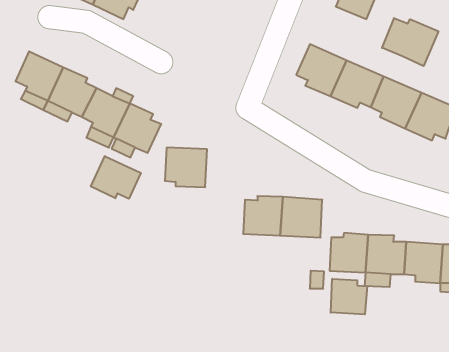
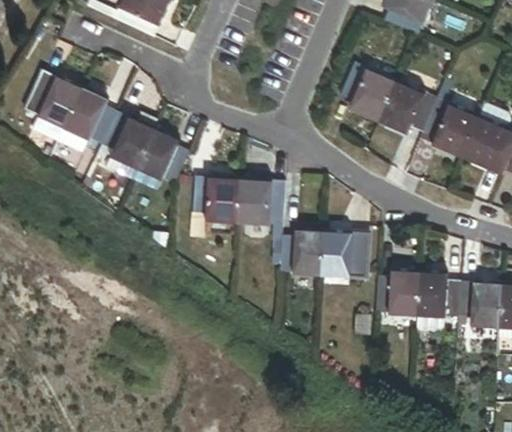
building: [382,18,438,66] -> none
building: none -> [239,179,286,223]
building: [91,156,141,199] -> none
building: [331,279,367,314] -> none

